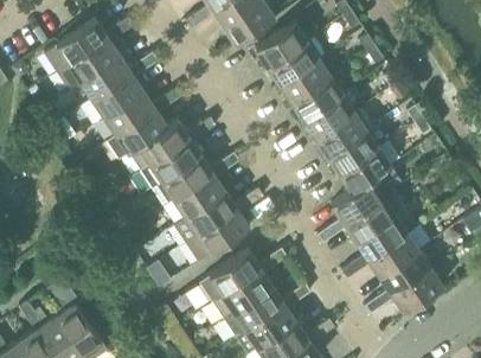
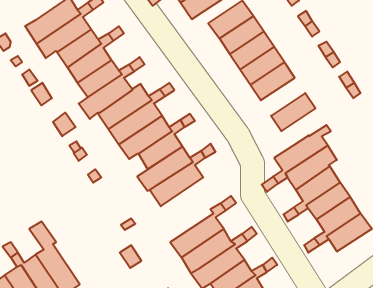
building: [316,113,367,156] -> none
building: [340,148,392,192] -> none
building: [200,250,262,302] -> none

